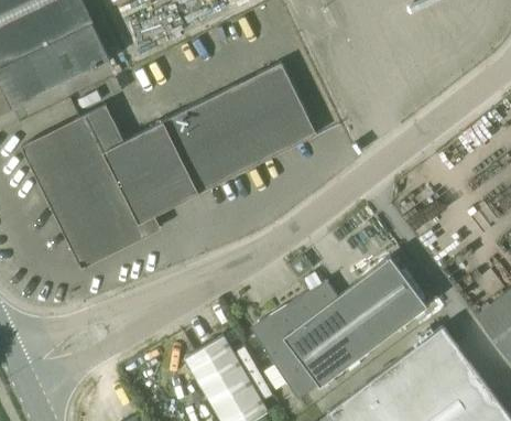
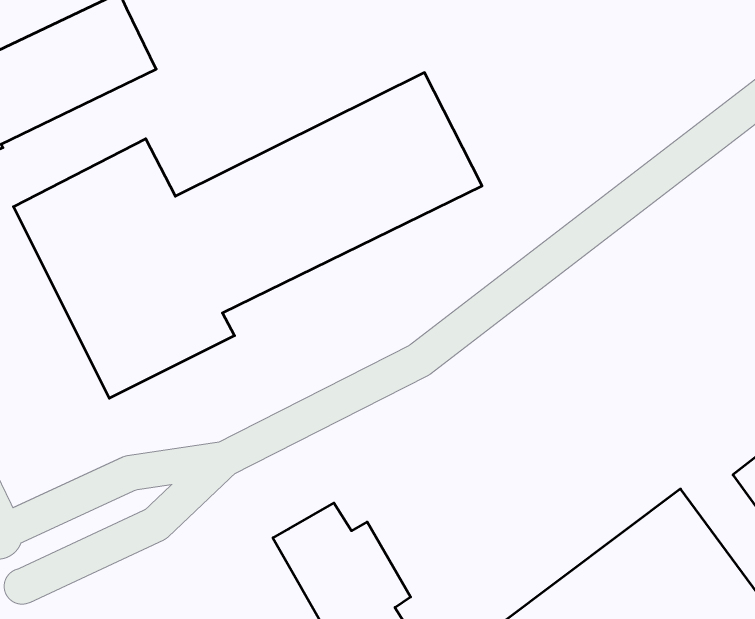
building: [256,257,427,400] -> none

